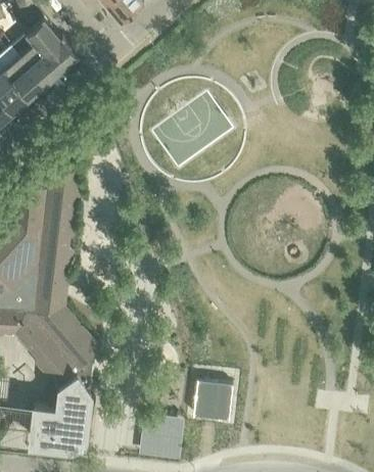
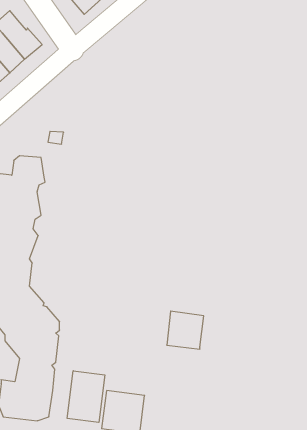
building: [193,381,232,421] -> [167,311,204,349]
building: none -> [67,371,105,422]

